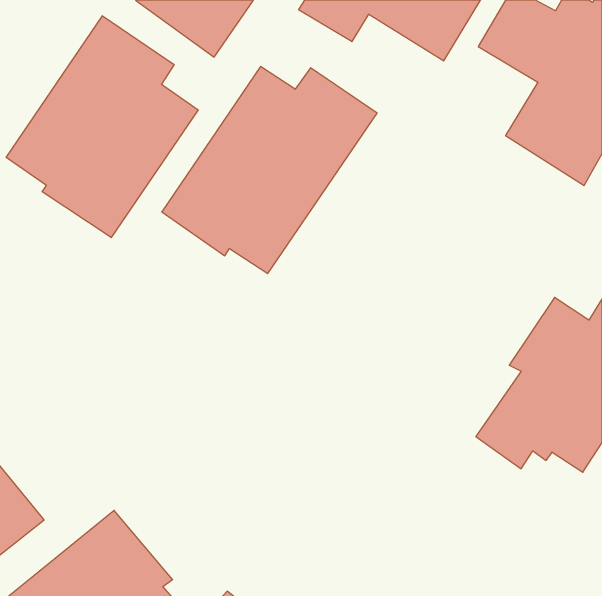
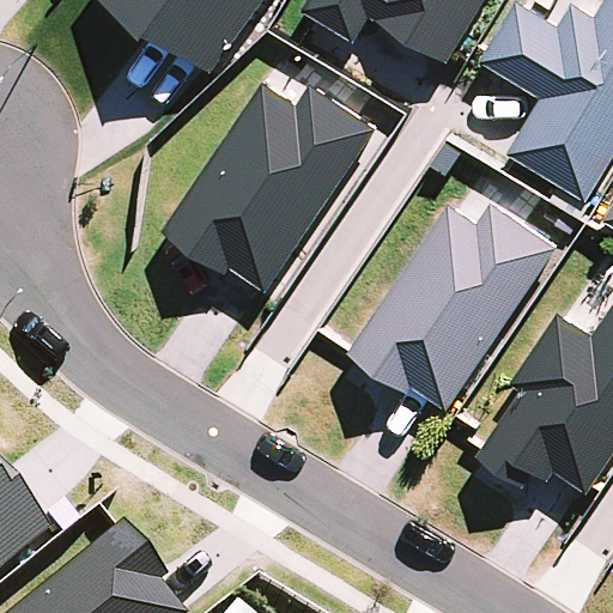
building: [6,16,198,238] -> none
building: none -> [351,200,558,406]

